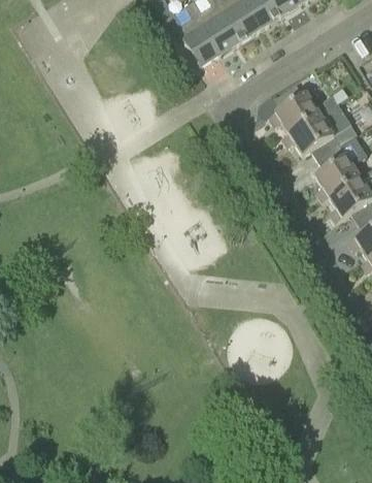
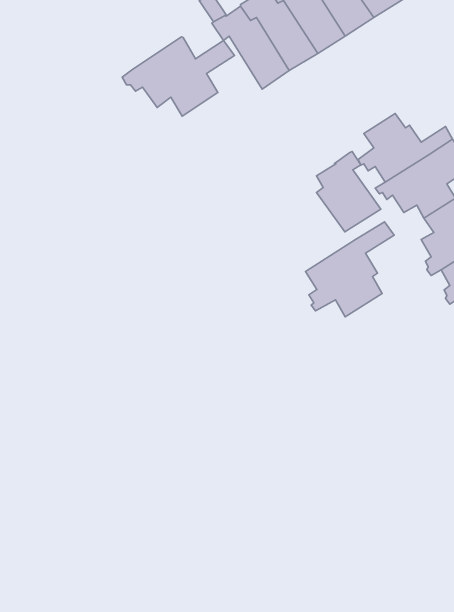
building: none -> [122,37,234,116]
building: none -> [316,151,381,232]
building: none -> [305,222,394,317]

